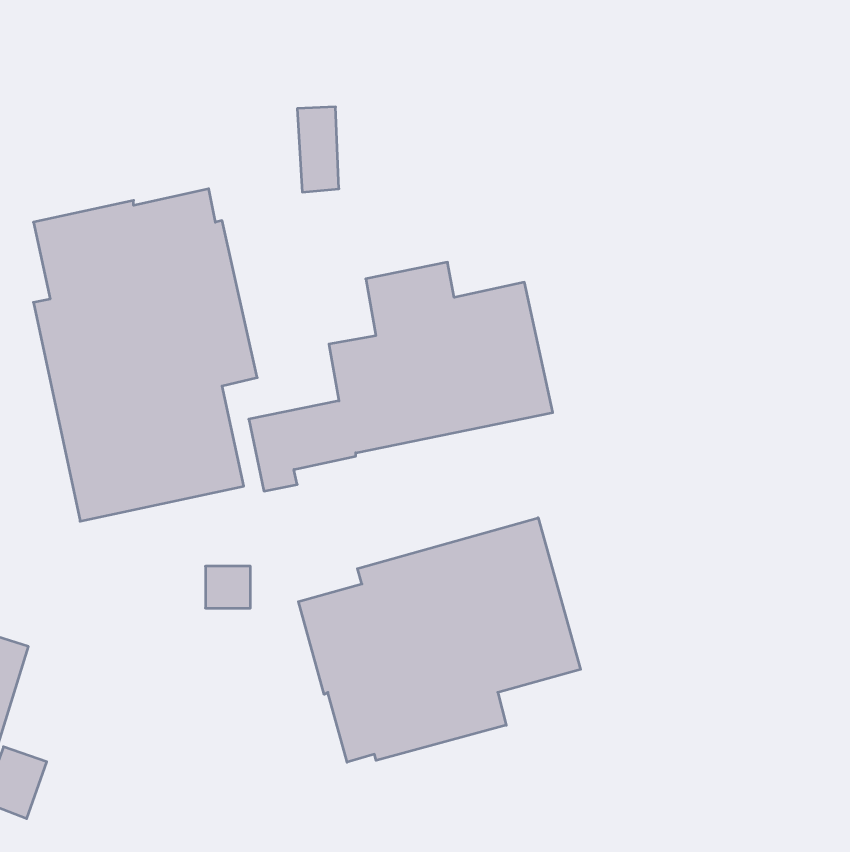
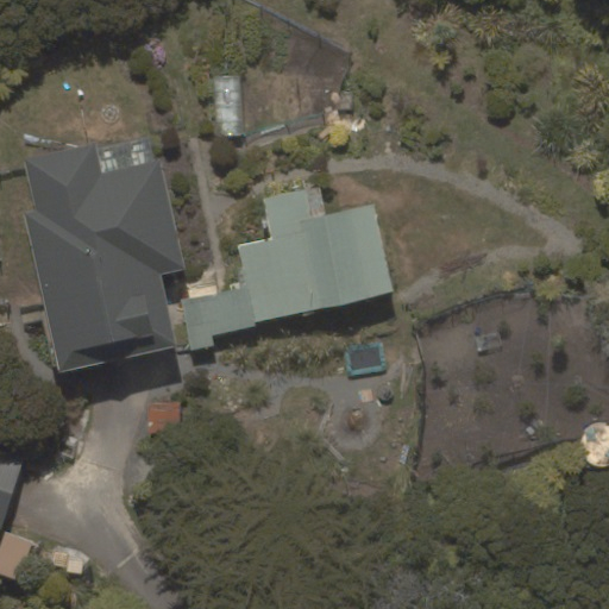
building: [298,518,581,762] -> none

